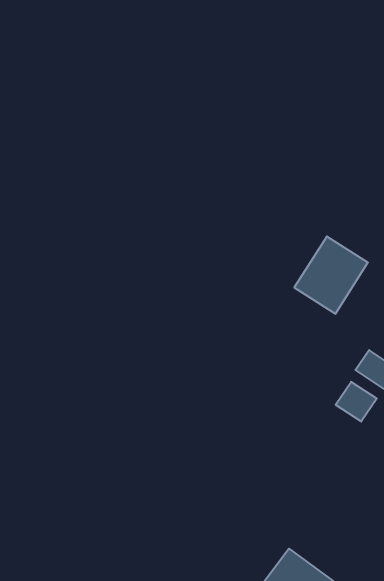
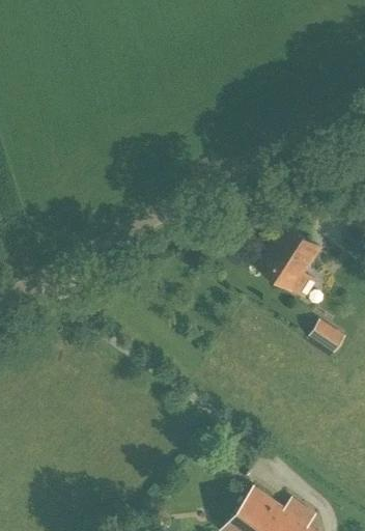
building: [336,382,377,422] -> none

